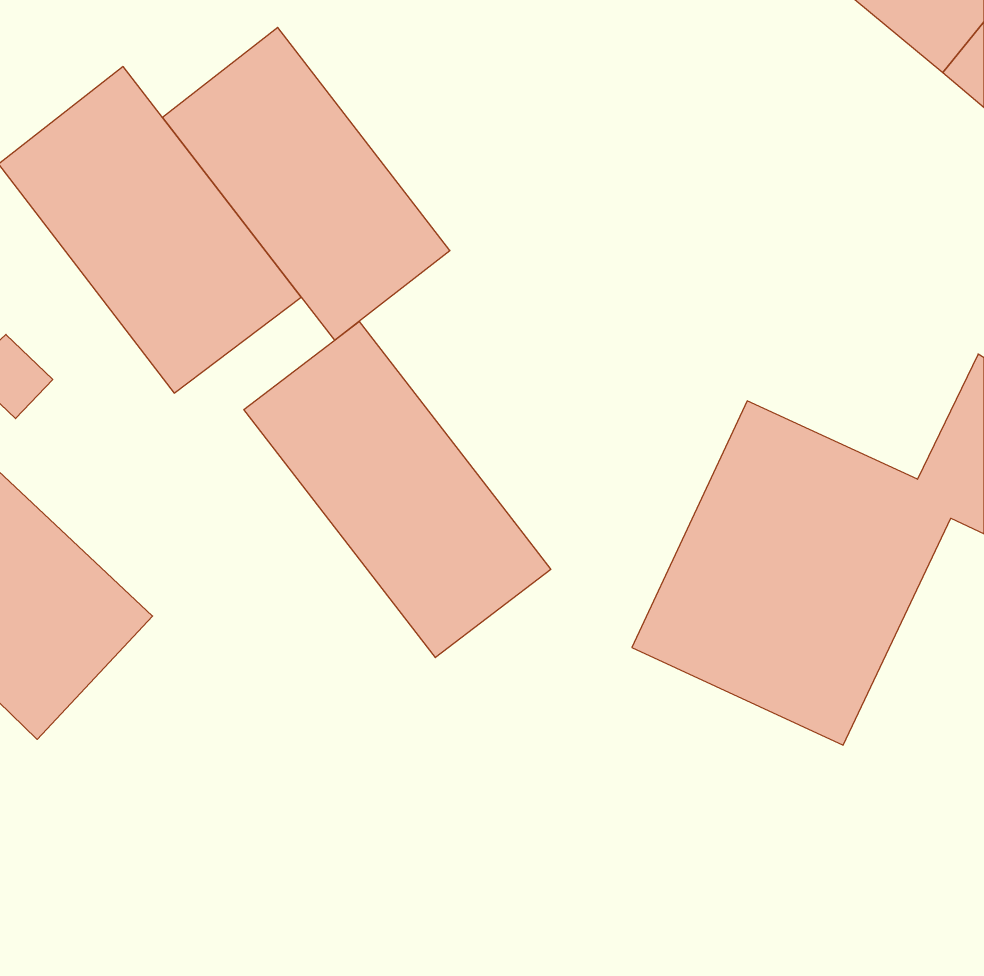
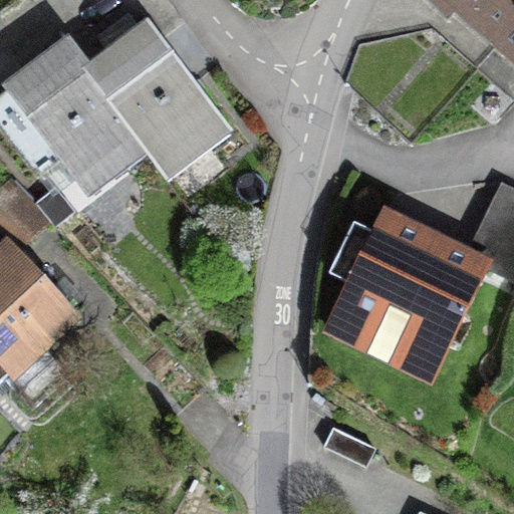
building: [244,321,551,658] -> none

